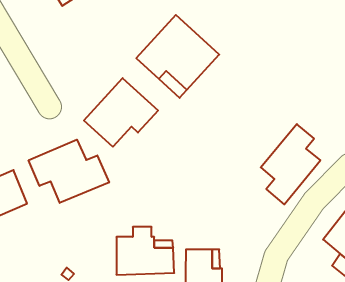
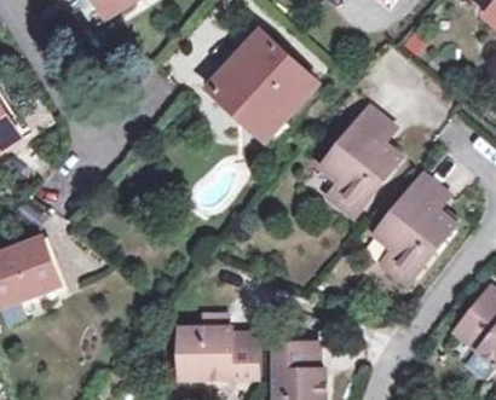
building: none -> [319,108,398,215]
building: [84,78,158,147] -> none
building: [29,140,109,203] -> none

